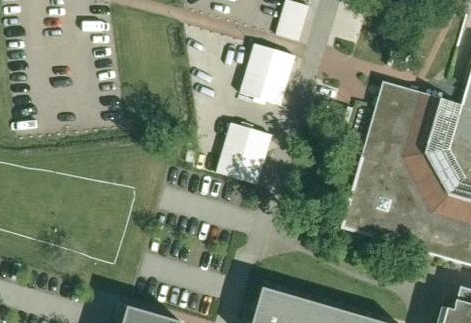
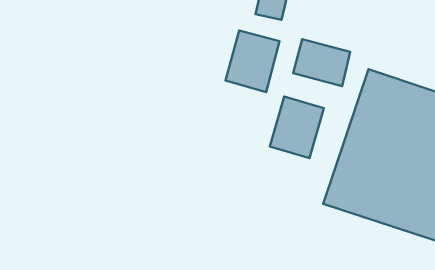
building: none -> [293,39,350,86]
building: [217,119,273,183] -> [270,96,324,158]

